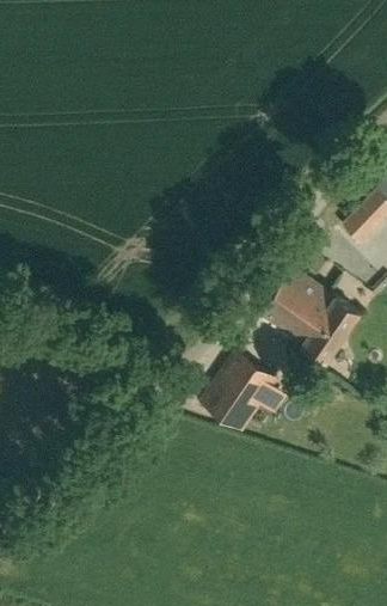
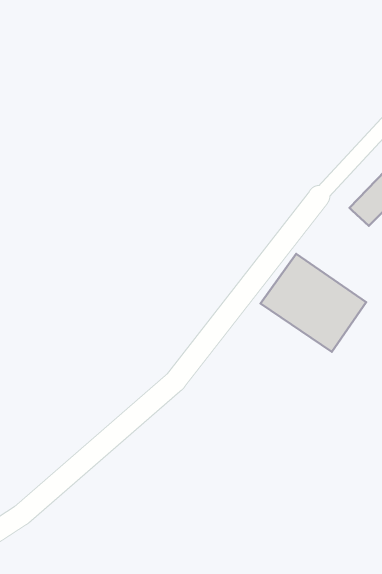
building: [199,350,277,430] -> none

